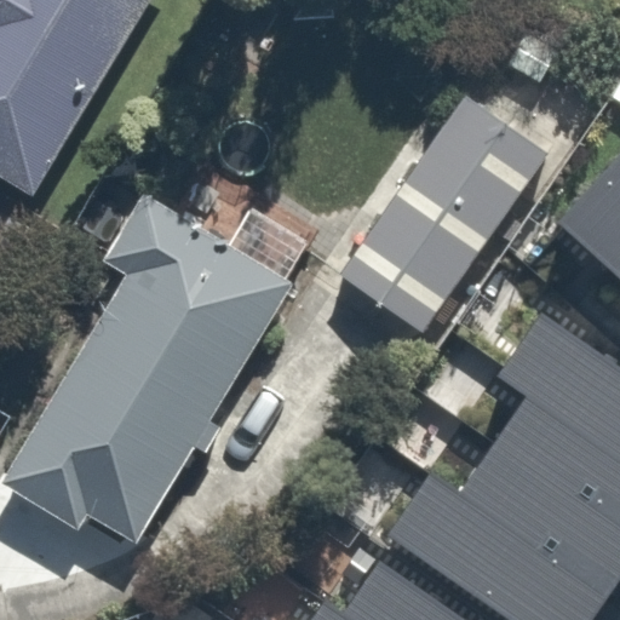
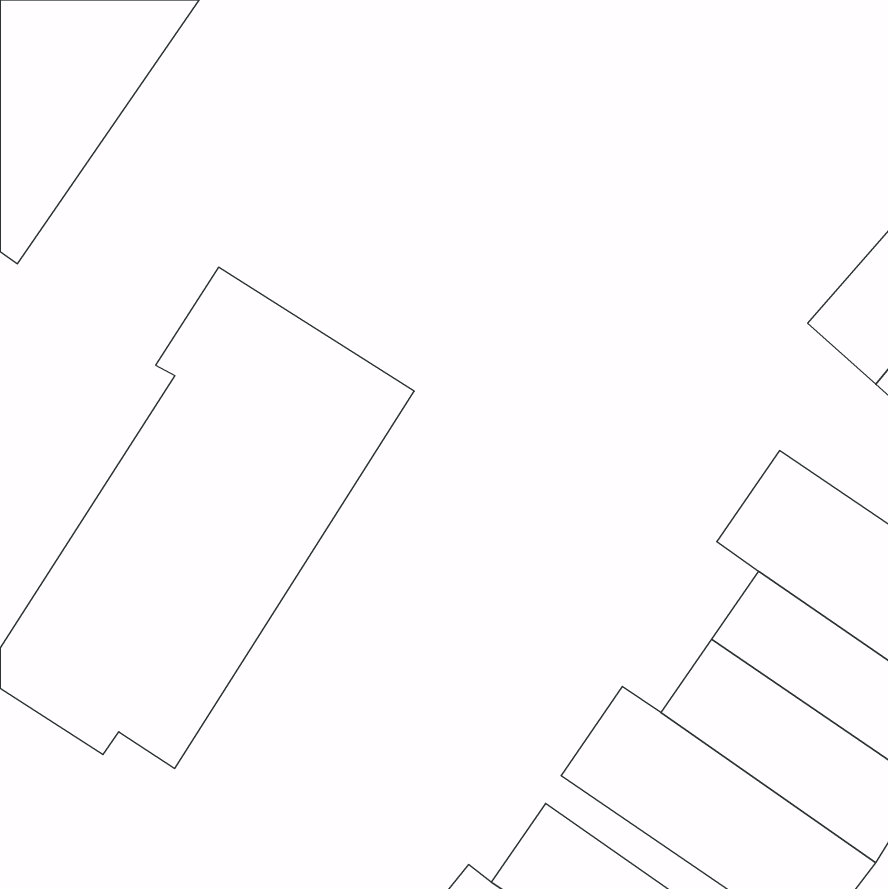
building: [341,98,545,335] -> none

